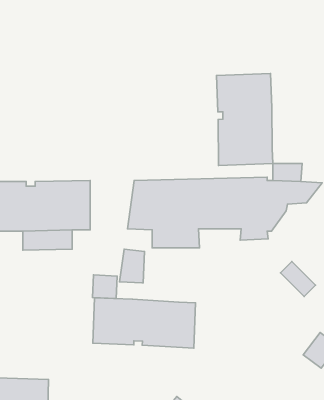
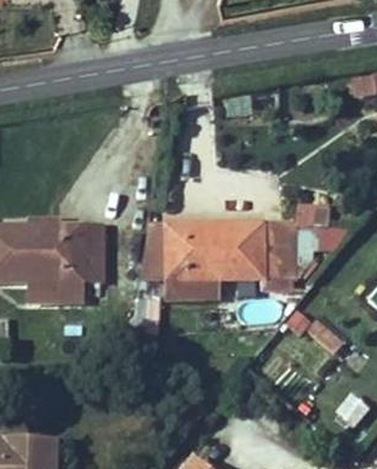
building: [216,74,273,165] -> none
building: [93,298,196,348] -> none

